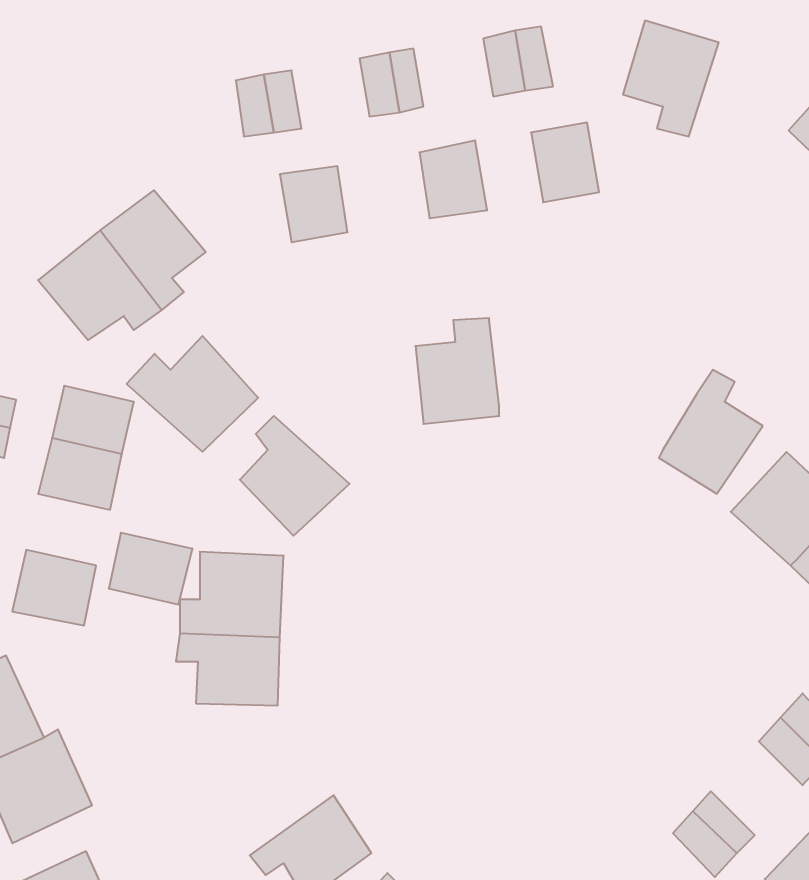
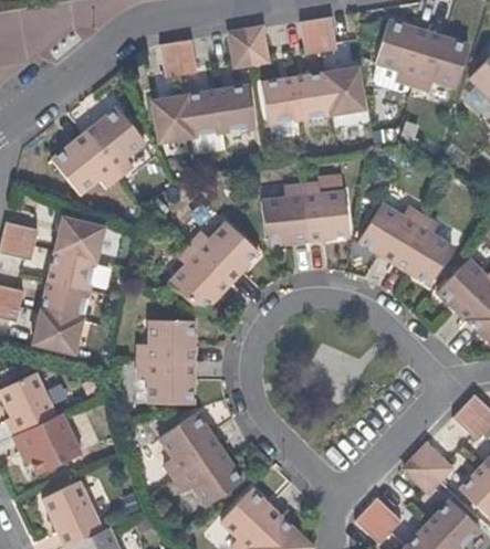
building: none -> [414,30,470,88]
building: none -> [295,80,333,123]
building: none -> [219,93,253,135]
building: none -> [155,103,194,146]
building: none -> [303,181,351,236]
building: [127,336,258,452] -> [184,210,257,274]
building: none -> [361,198,427,260]
building: [109,533,193,605] -> [46,279,93,319]
building: none -> [155,410,217,479]

